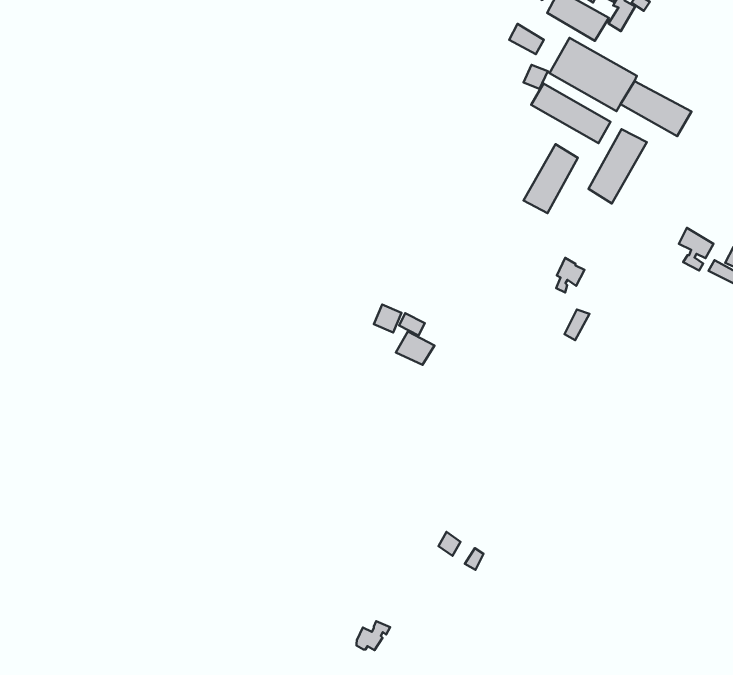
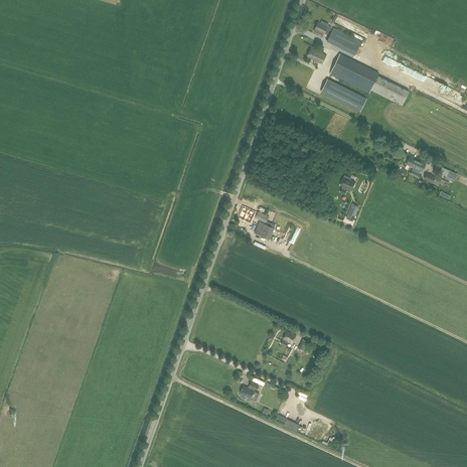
building: [589,129,647,203] -> none
building: [523,144,578,213] -> none

